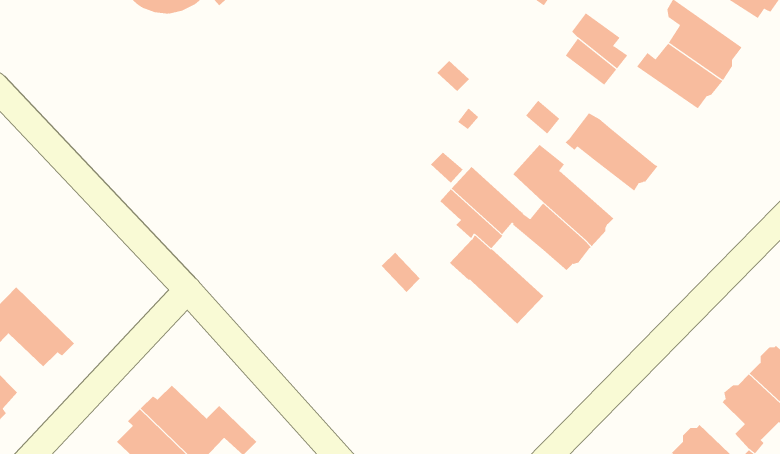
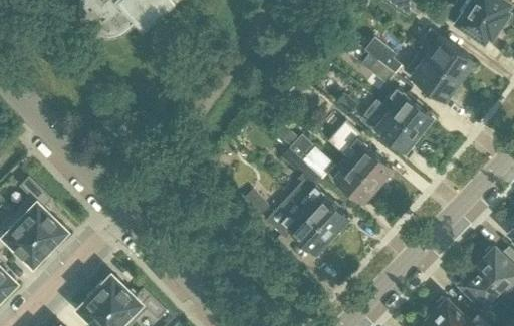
building: none -> [383,89,433,136]
building: none -> [14,176,66,249]
building: none -> [267,199,331,254]

